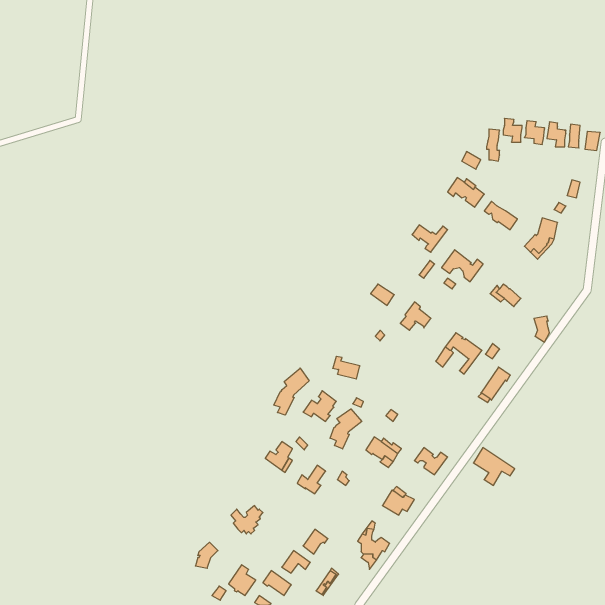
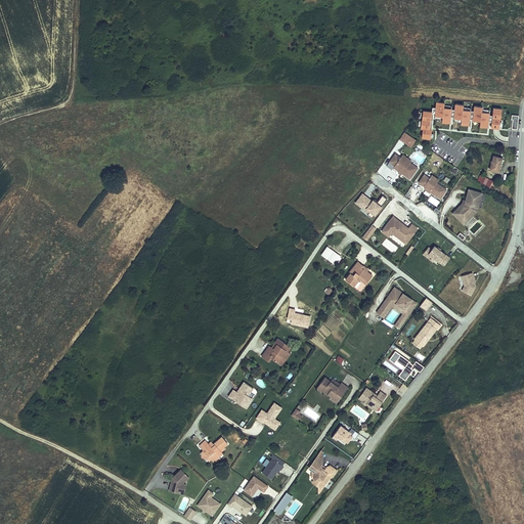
building: [274,368,309,415] -> none
building: [330,409,362,449] -> none
building: [473,448,515,485] -> [388,347,424,380]

